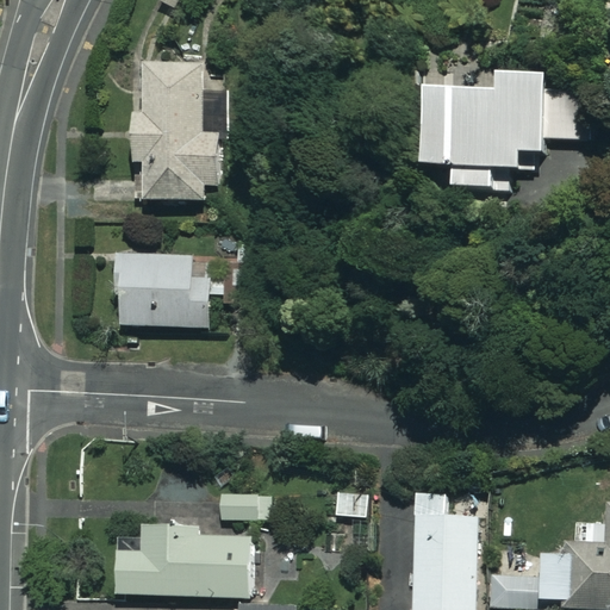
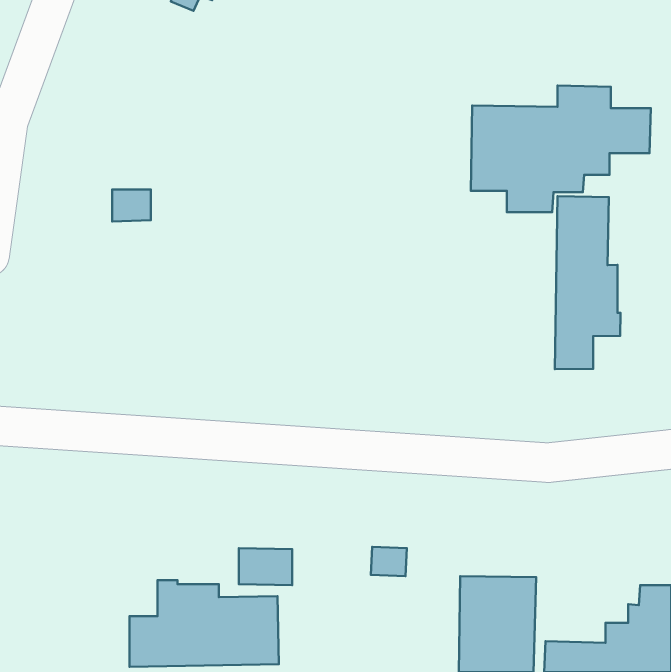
building: [132,60,224,201] -> none
building: none -> [555,196,620,369]
building: [110,255,208,326] -> none

